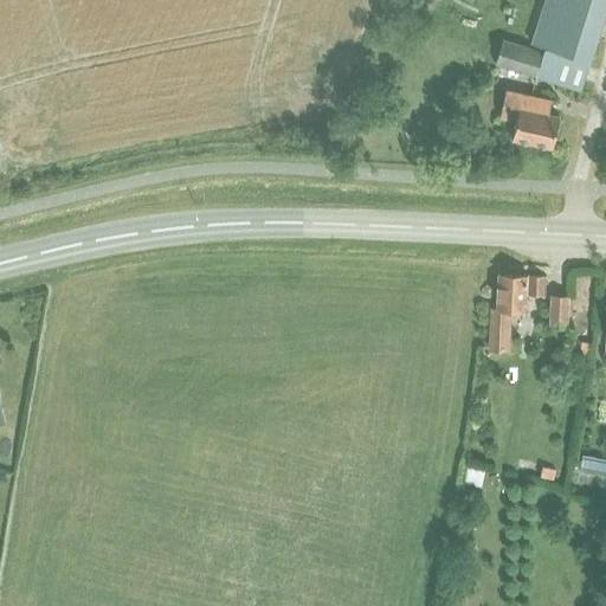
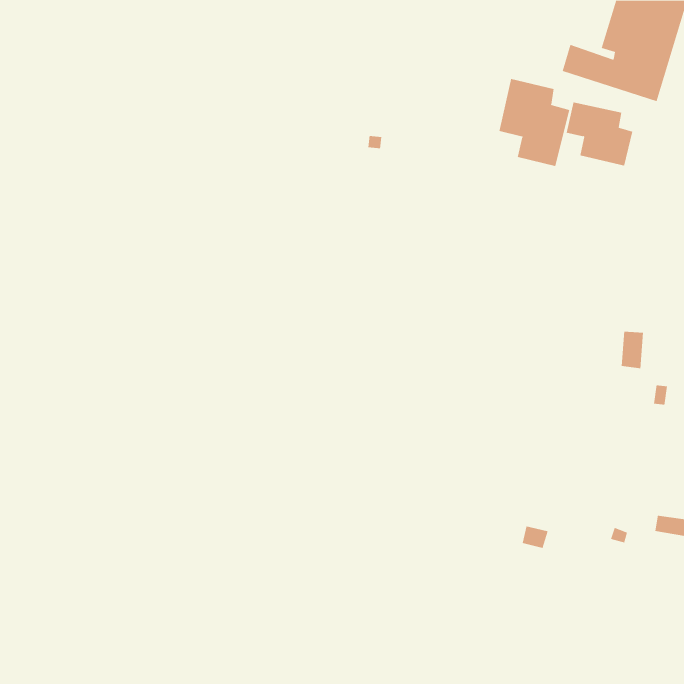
building: none -> [499,78,570,167]
building: [489,272,547,349] -> none

